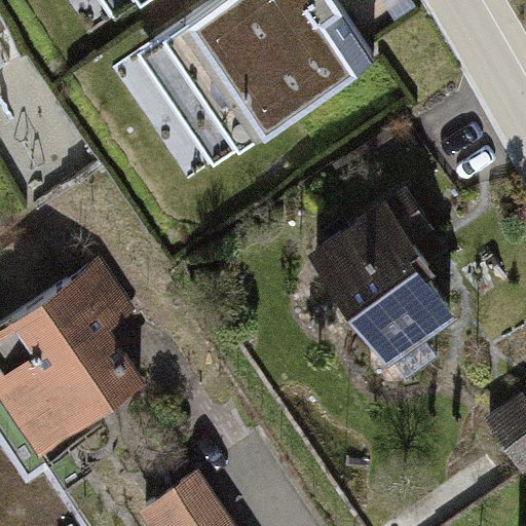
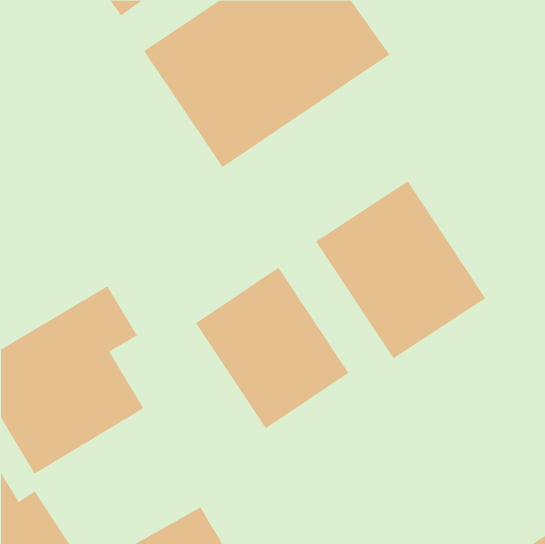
building: none -> [195,267,349,429]

